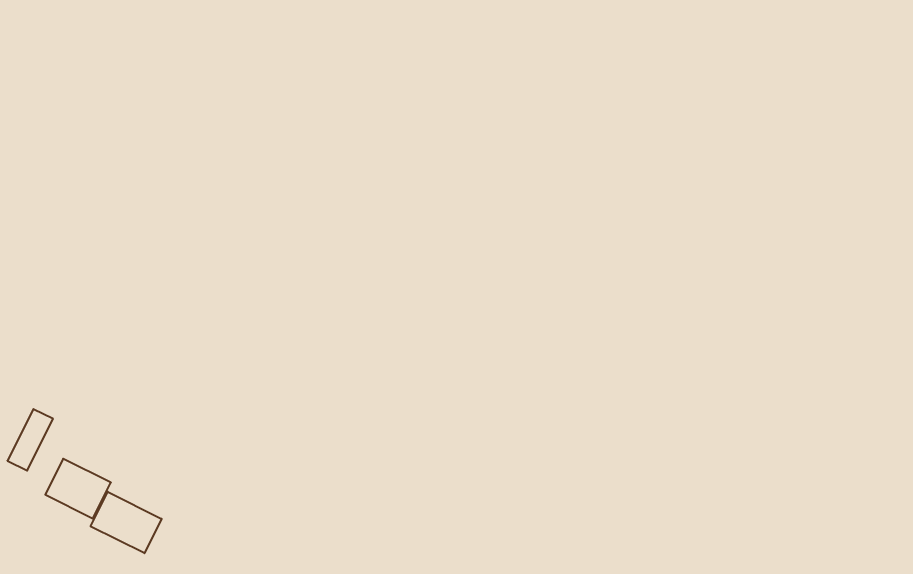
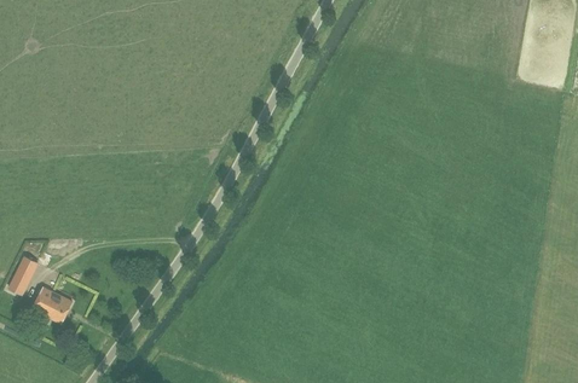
building: [91,492,162,553] -> none

